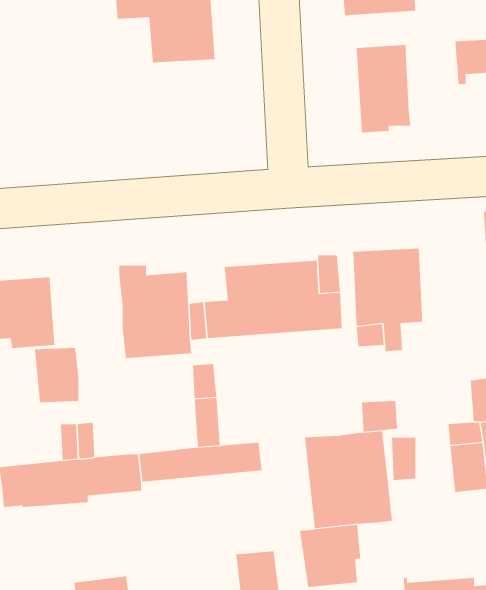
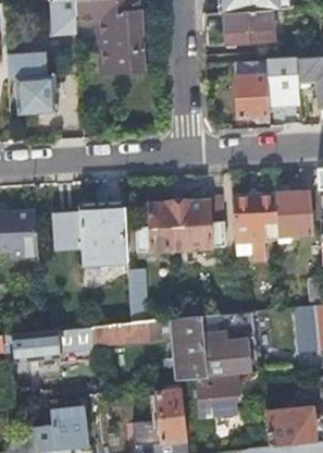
building: none -> [8,51,58,114]
building: none -> [266,58,300,103]
building: none -> [275,191,309,237]
building: [34,348,79,403] -> [52,210,82,246]
building: none -> [171,316,207,379]

